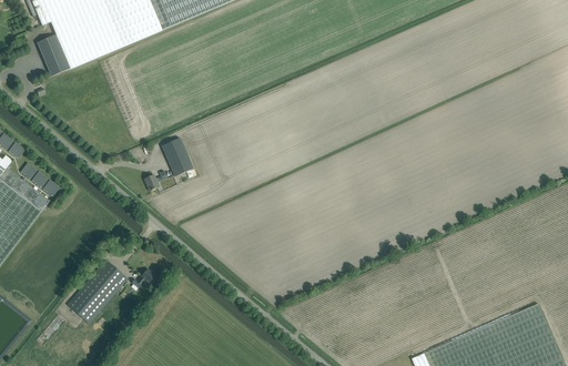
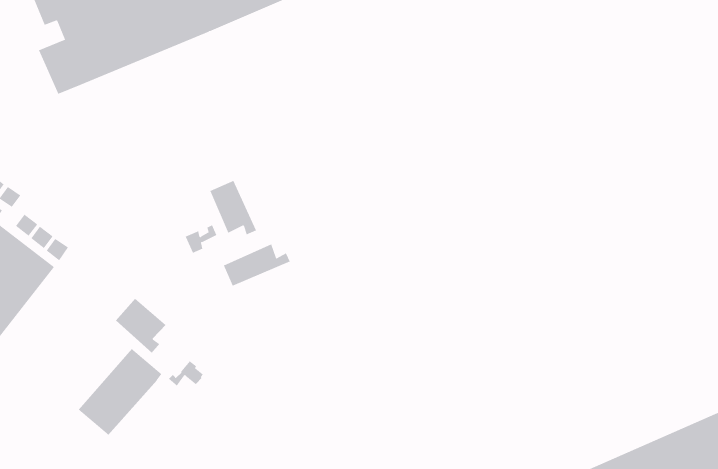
building: none -> [223,244,290,286]
building: none -> [115,298,166,354]

